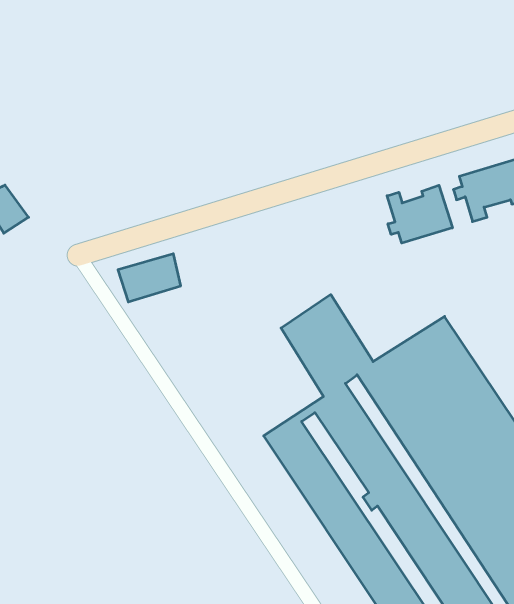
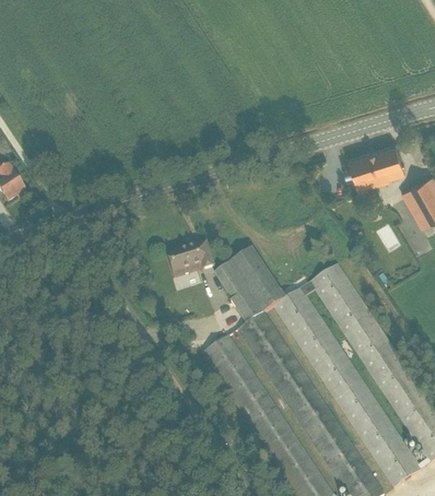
building: [387,185,452,243] -> none
building: [118,254,181,302] -> [165,243,212,279]

